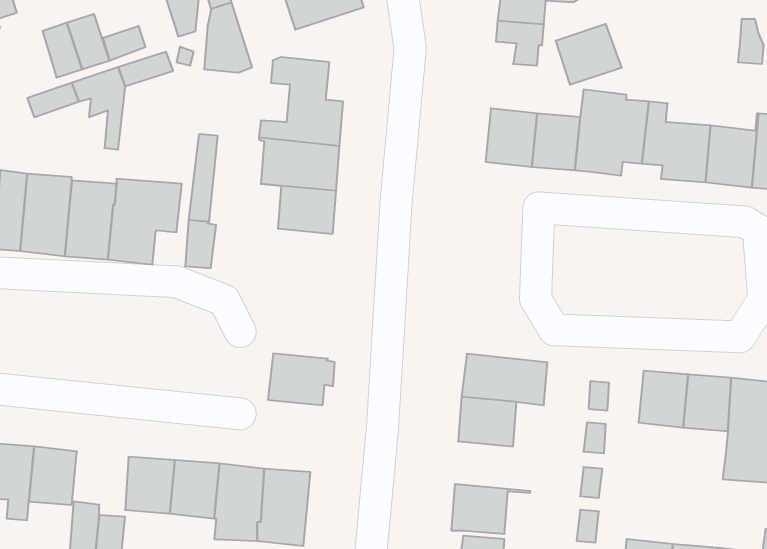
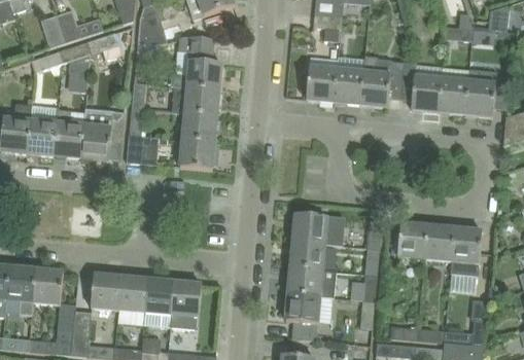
building: [556,24,621,85] -> none
building: [268,354,335,405] -> [179,139,219,170]
building: none -> [288,266,336,296]

